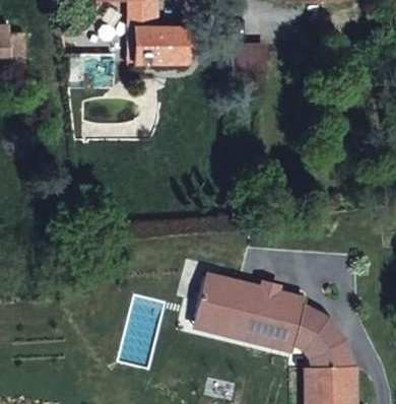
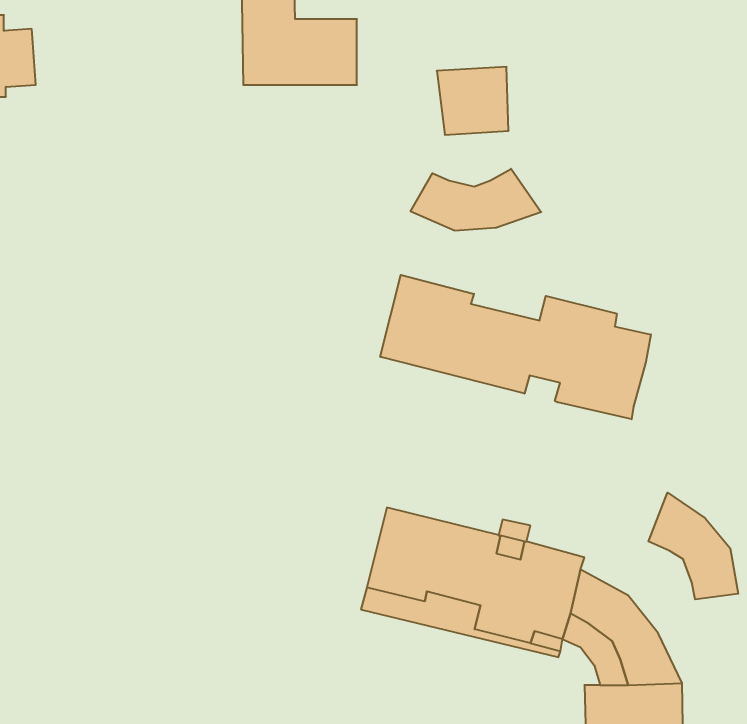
building: none -> [411,169,541,231]
building: none -> [380,275,651,419]
building: none -> [648,493,738,599]

